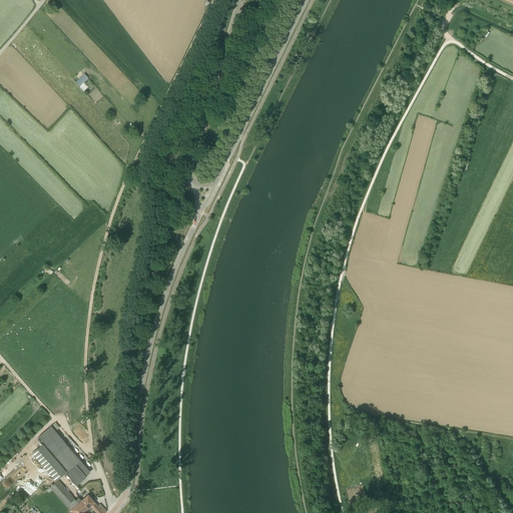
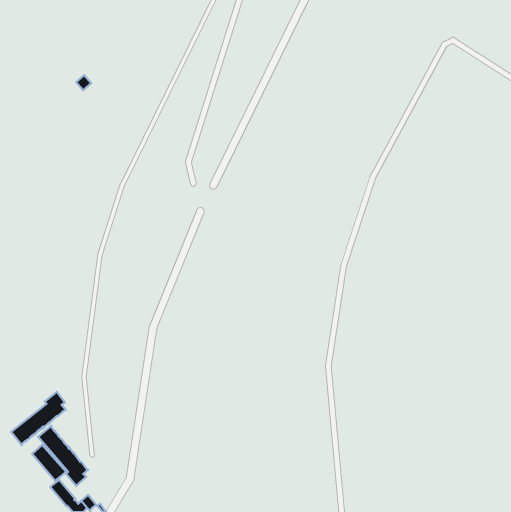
building: none -> [11,392,66,445]

